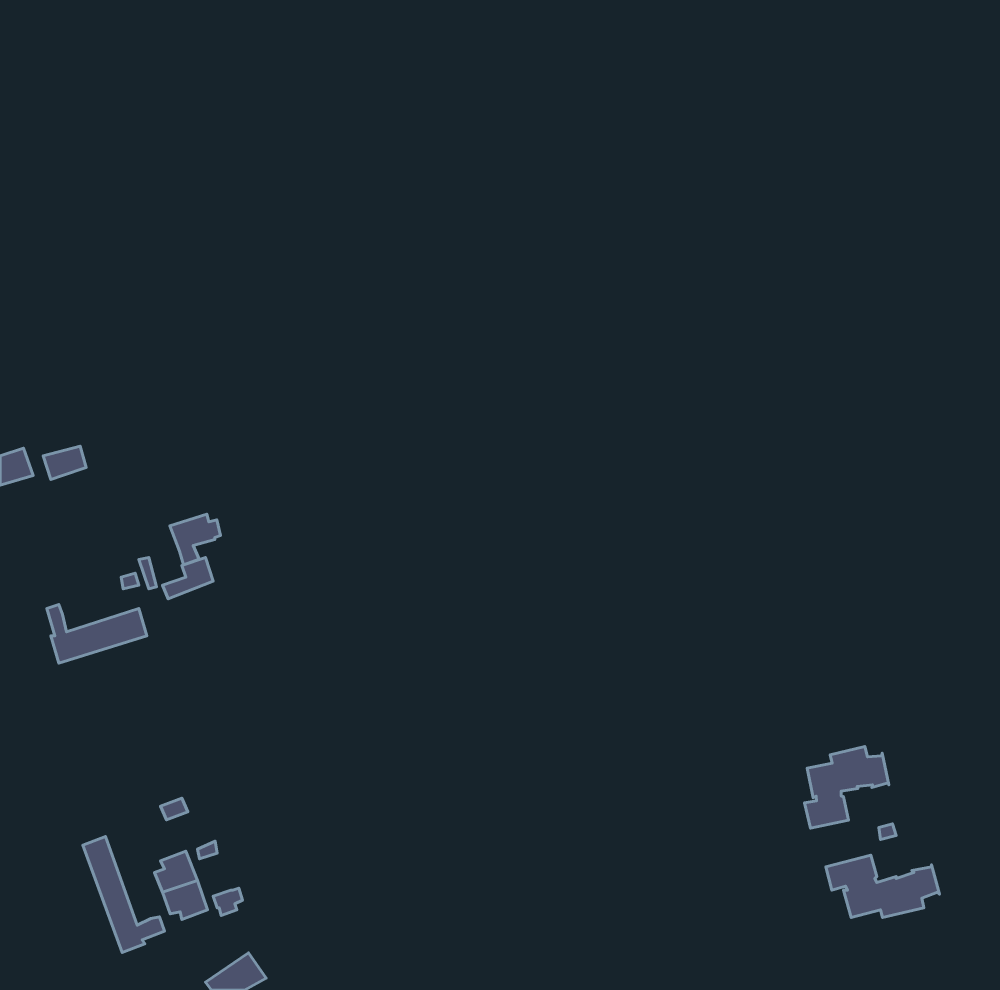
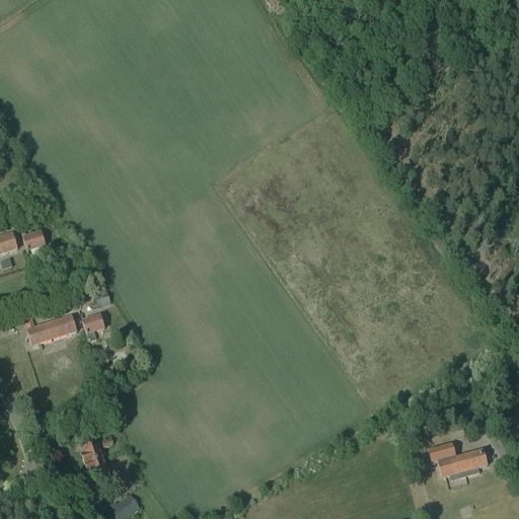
building: [170,514,221,565] -> [81,313,107,340]
building: [805,747,889,828] -> none
building: [83,837,165,952] -> none

